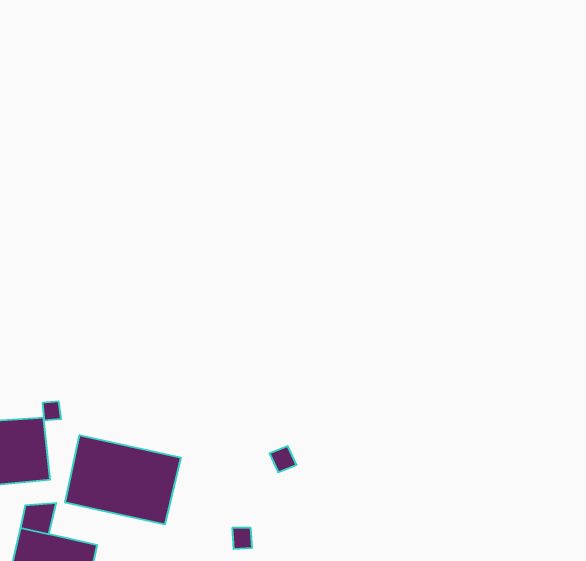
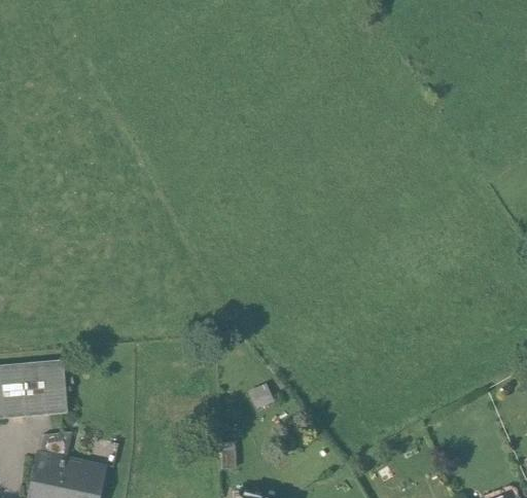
building: [65,435,181,524] -> none

